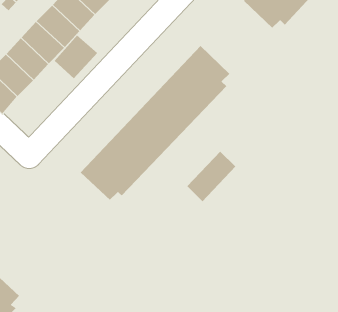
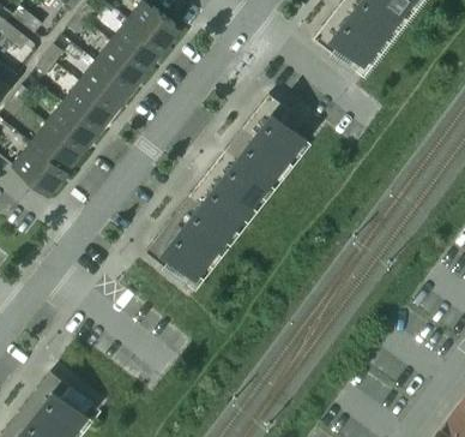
building: [54,34,98,79] -> none
building: [187,151,236,202] -> none

